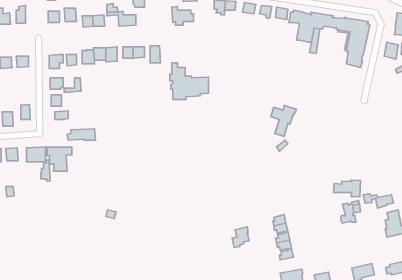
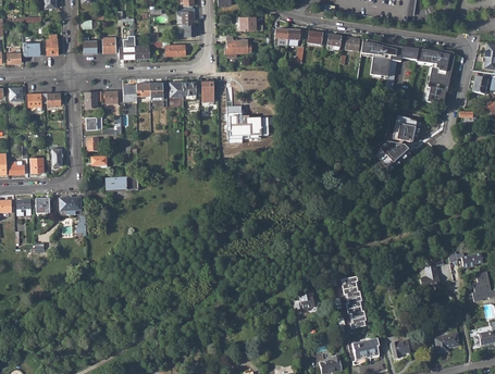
building: [271,105,296,136] -> [387,119,417,154]
building: [47,147,72,171] -> none
building: [333,180,361,197] -> none

